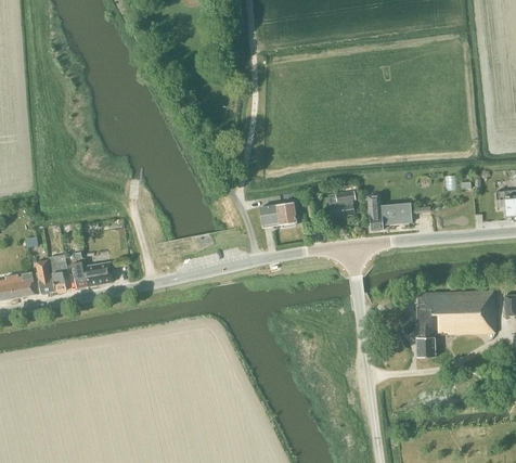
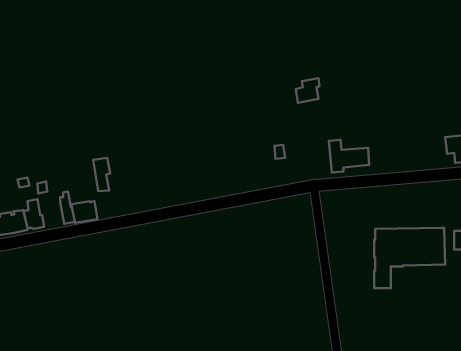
building: [328,190,354,217] -> [296,78,319,103]
building: [259,202,296,227] -> none
building: [49,254,67,291] -> [93,158,110,191]

